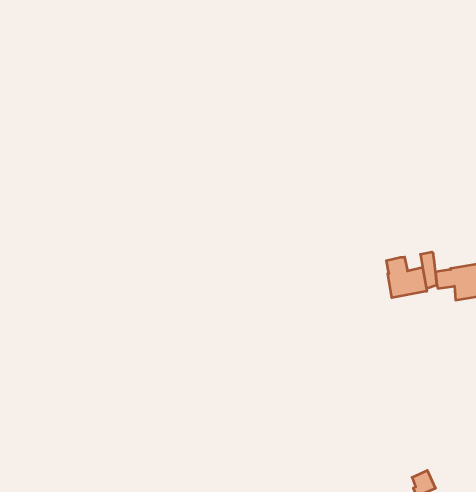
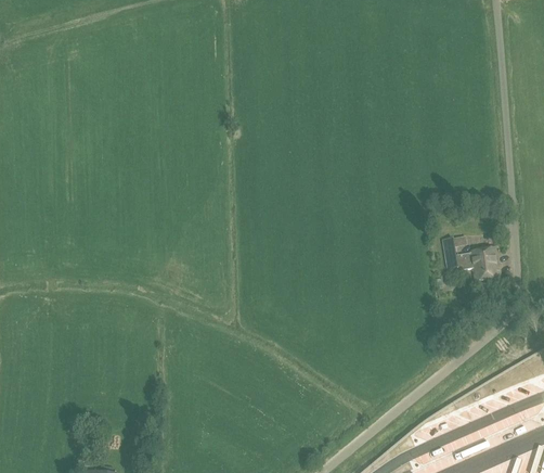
building: [386,257,427,298] -> none

